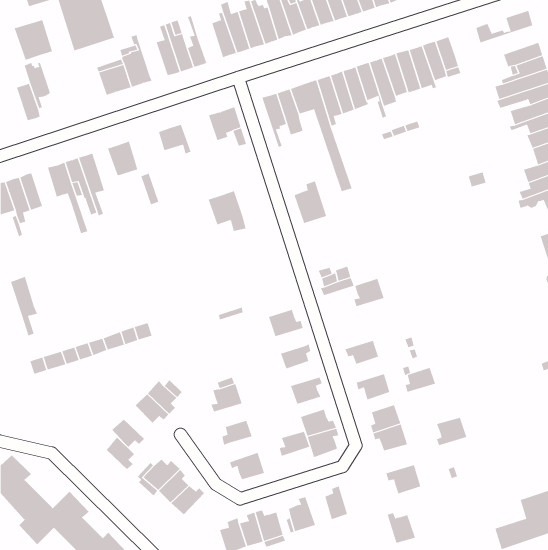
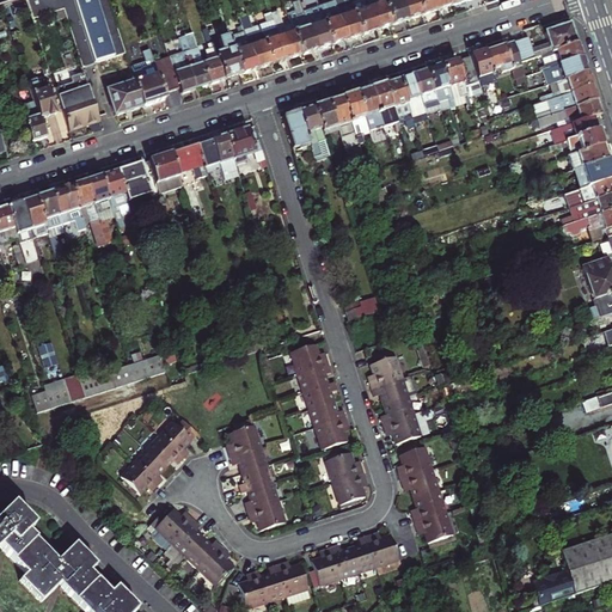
building: none -> [214,22,240,78]
building: [14,19,53,60] -> [56,84,98,128]
building: none -> [539,37,581,69]
building: none -> [484,39,526,82]
building: none -> [149,45,179,92]
building: none -> [148,152,182,192]
building: none -> [100,170,129,227]
building: [294,180,327,224] -> none
building: [208,191,247,232] -> [196,134,238,178]
building: [10,276,38,336] -> [35,190,65,255]
building: [353,278,385,307] -> [369,355,403,386]
building: none -> [296,363,330,391]
building: none -> [308,399,345,426]
building: [405,367,436,393] -> [381,394,415,422]
building: none -> [231,445,267,470]
building: [436,417,467,446] -> [414,489,447,520]
building: [279,431,310,457] -> [245,481,279,508]
building: [106,436,135,470] -> [134,447,165,483]
building: none -> [198,541,234,581]
building: none -> [330,541,357,576]
building: [387,512,416,543] -> [366,531,397,564]

